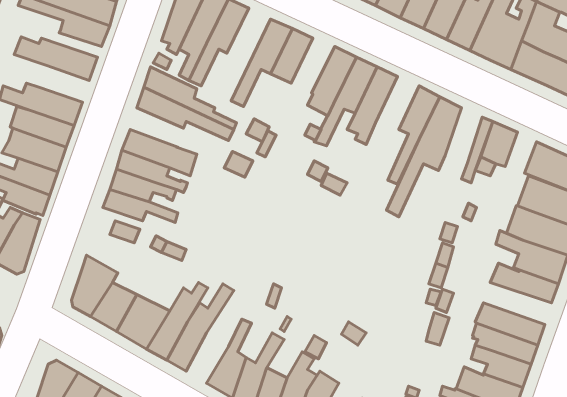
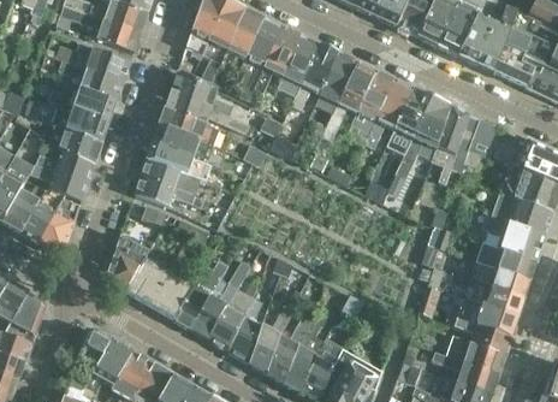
building: none -> [238,18,283,100]
building: none -> [285,43,339,123]
building: none -> [59,60,123,101]
building: none -> [366,78,414,147]
building: none -> [159,106,222,147]
building: none -> [431,106,469,183]
building: none -> [470,260,530,297]
building: none -> [208,282,260,349]

